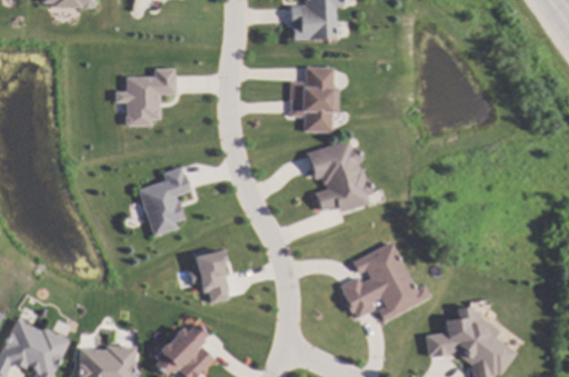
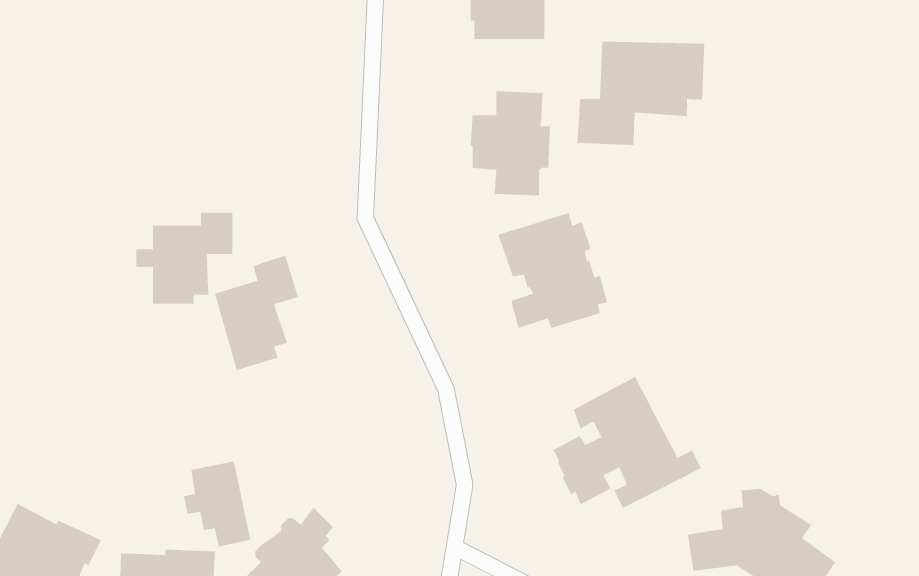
building: none -> [577,41,705,146]
building: [112,70,171,126] -> [136,212,233,304]
building: [187,251,228,304] -> [183,461,251,547]

